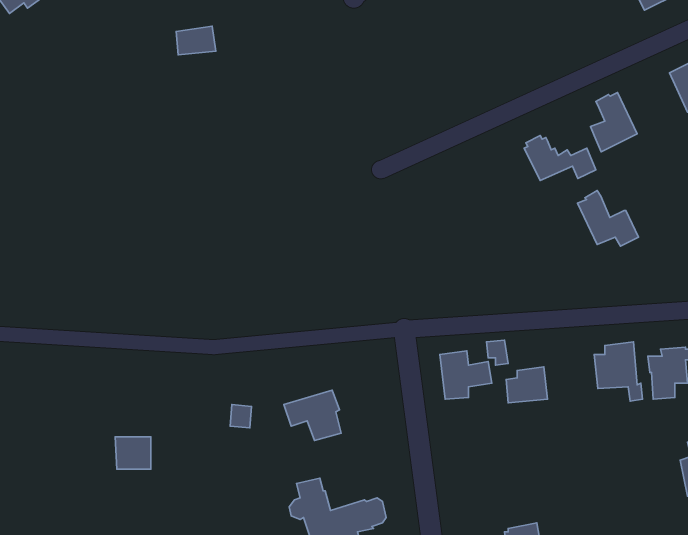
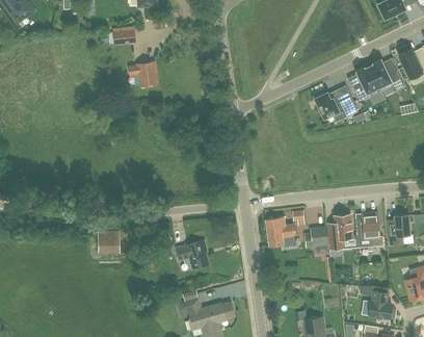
building: none -> [129,61,158,86]
building: [578,191,639,246] -> [369,59,404,92]
building: none -> [327,214,352,249]
building: [115,437,151,469] -> [99,232,120,251]
building: none -> [362,290,391,318]

